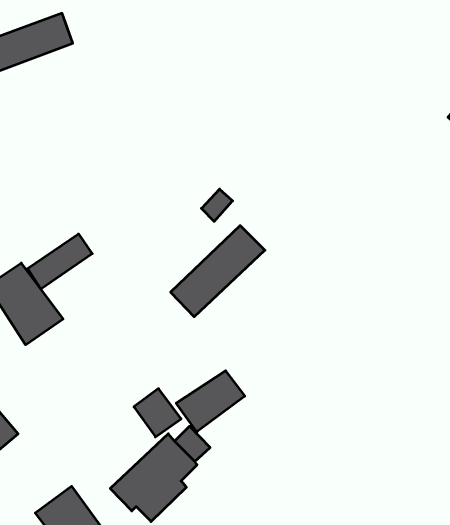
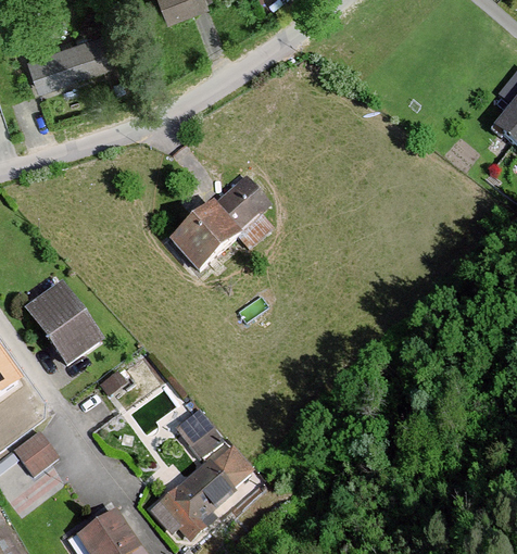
building: [171,226,265,317] -> [171,176,266,268]
building: [27,234,92,289] -> none
building: [176,371,245,432] -> none

